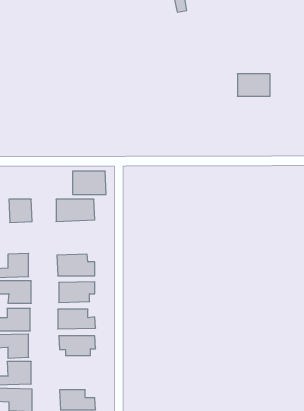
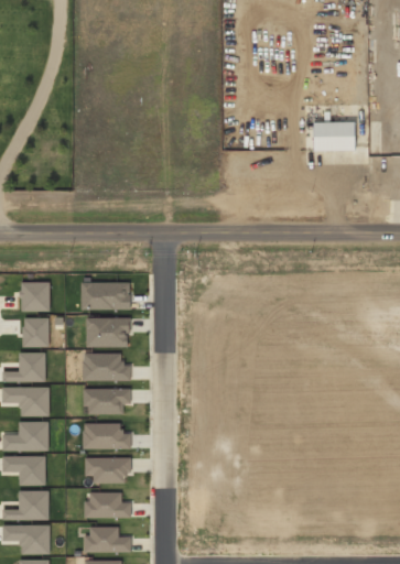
building: [73,171,106,194] -> [86,317,129,347]
building: none -> [22,318,48,347]
building: none -> [85,491,130,518]

